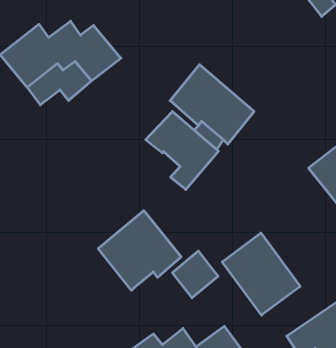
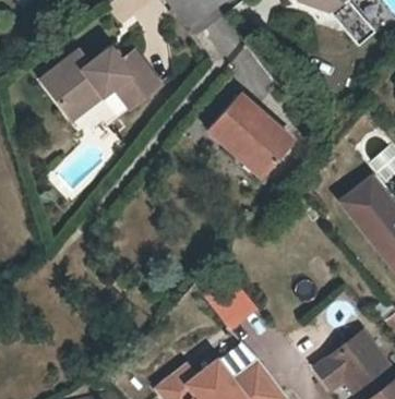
building: [146,111,218,190] -> none
building: [98,211,181,290] -> none
building: [222,233,300,315] -> none

